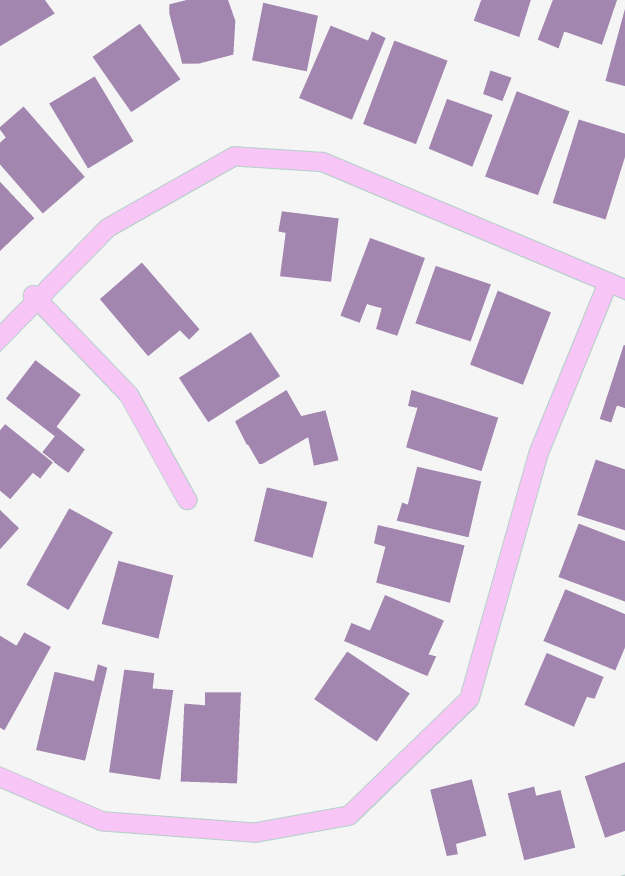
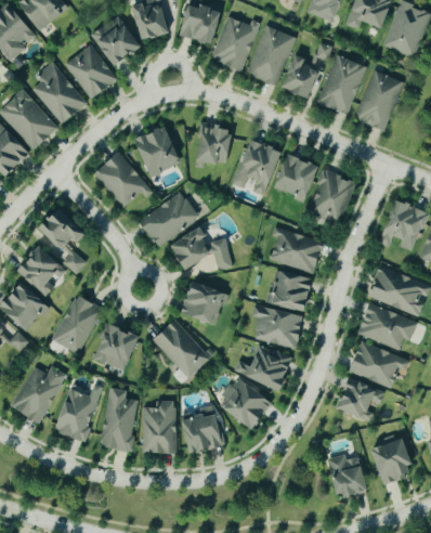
building: none -> [135,123,190,176]
building: none -> [152,320,210,379]
building: none -> [182,407,223,454]
building: [429,779,487,857] -> none

